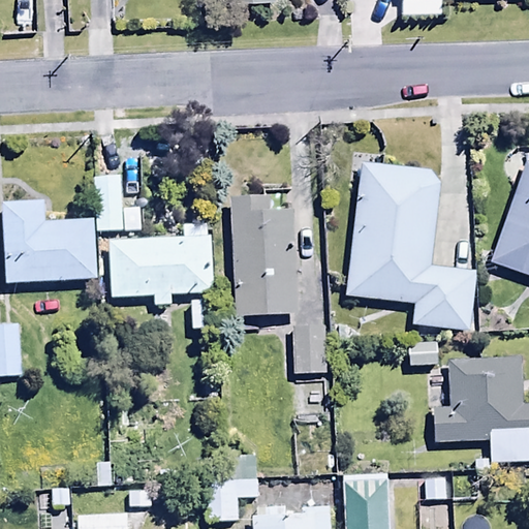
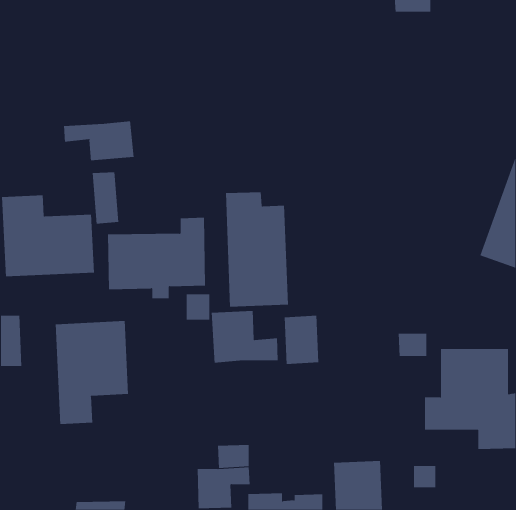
building: none -> [64,120,134,161]
building: [345,161,475,331] -> none
building: none -> [211,310,278,363]
building: none -> [55,320,128,425]

